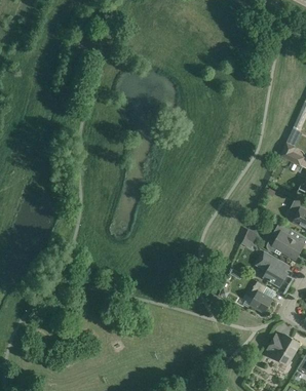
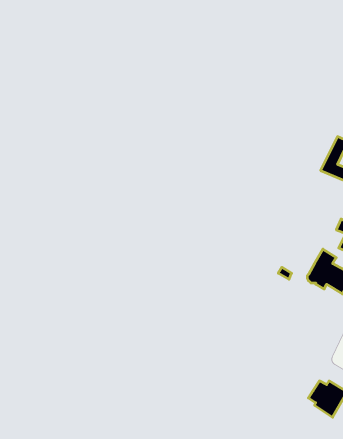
building: [255,251,288,287] -> none
building: [248,281,273,314] -> none

